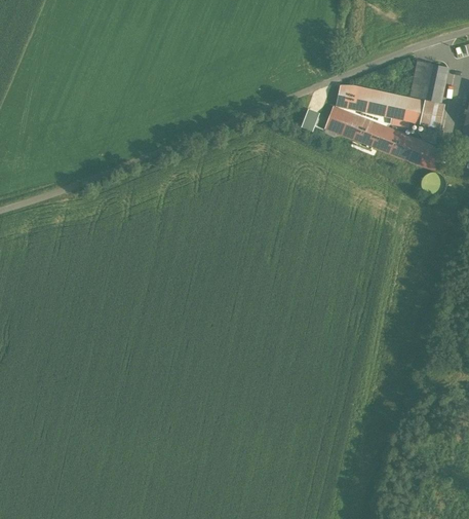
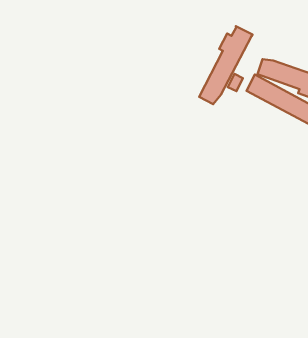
building: none -> [199,26,253,104]

